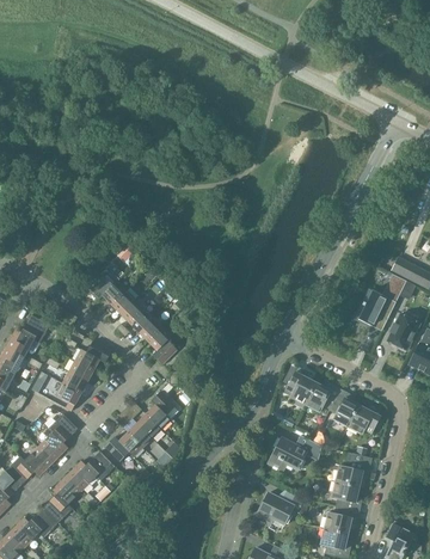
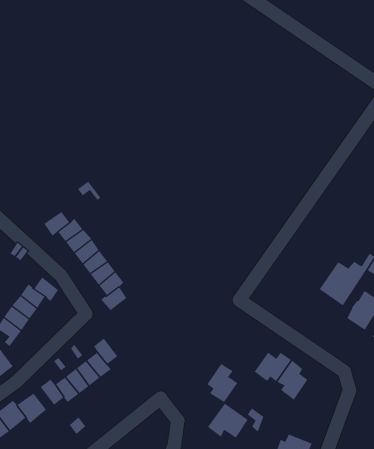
building: [285,367,315,404] -> [207,363,238,403]
building: [346,404,382,434] -> none

